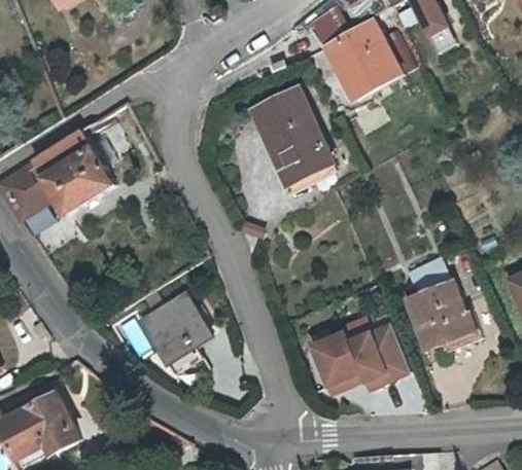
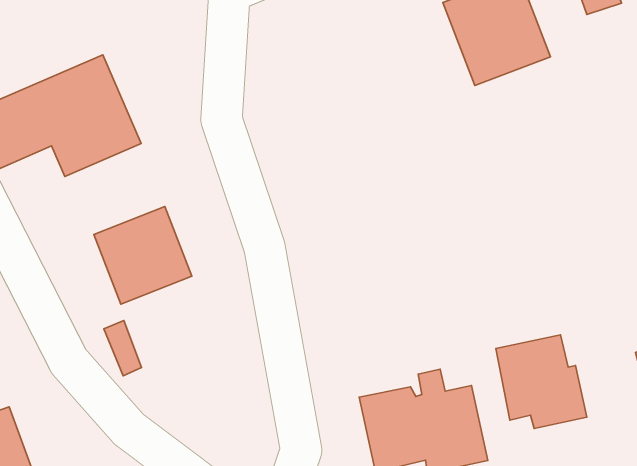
building: [248,86,338,189] -> none
building: [137,291,213,367] -> [94,206,192,304]

